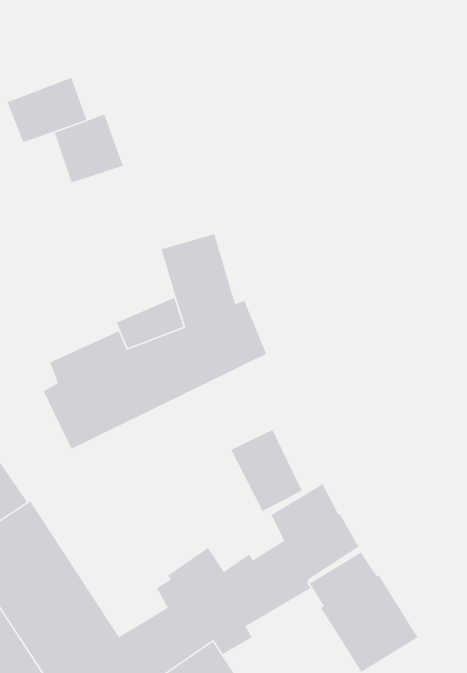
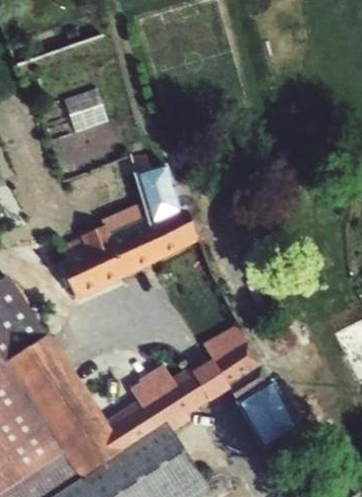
building: [7,77,87,143] -> none
building: [230,429,303,512] -> none

